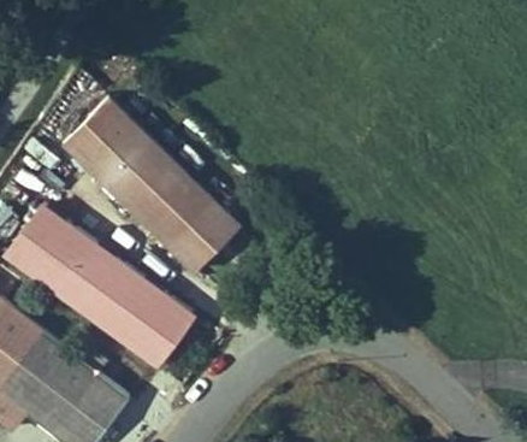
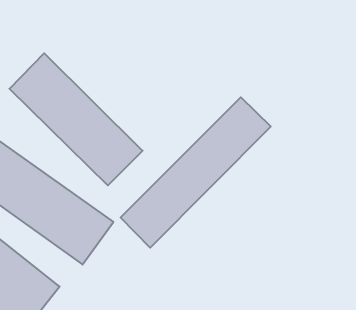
building: none -> [121,97,271,248]

